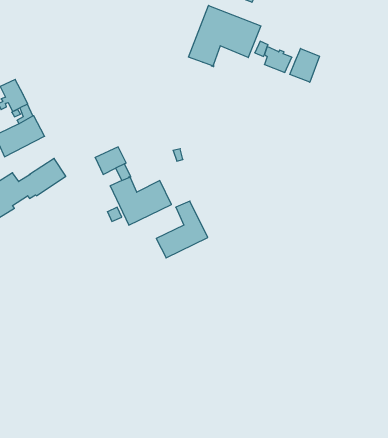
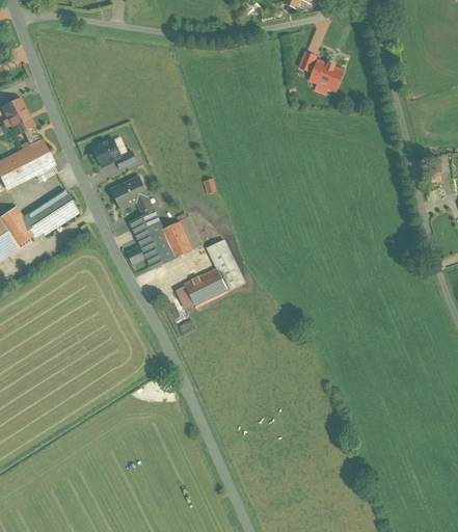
building: [189,5,261,67] -> none
building: [290,48,320,82] -> none
building: none -> [92,138,120,165]

